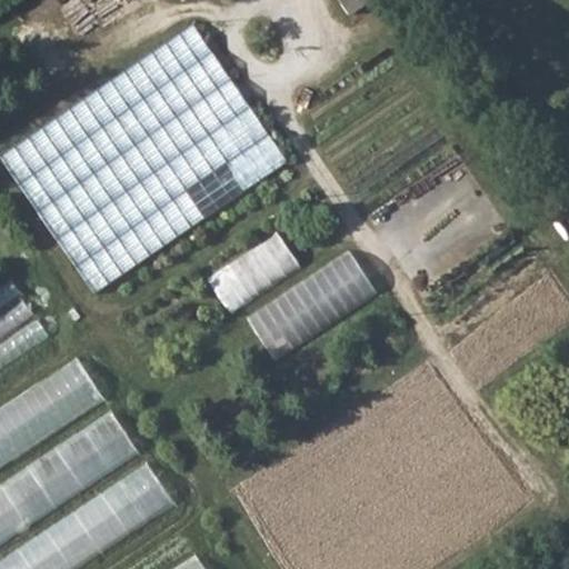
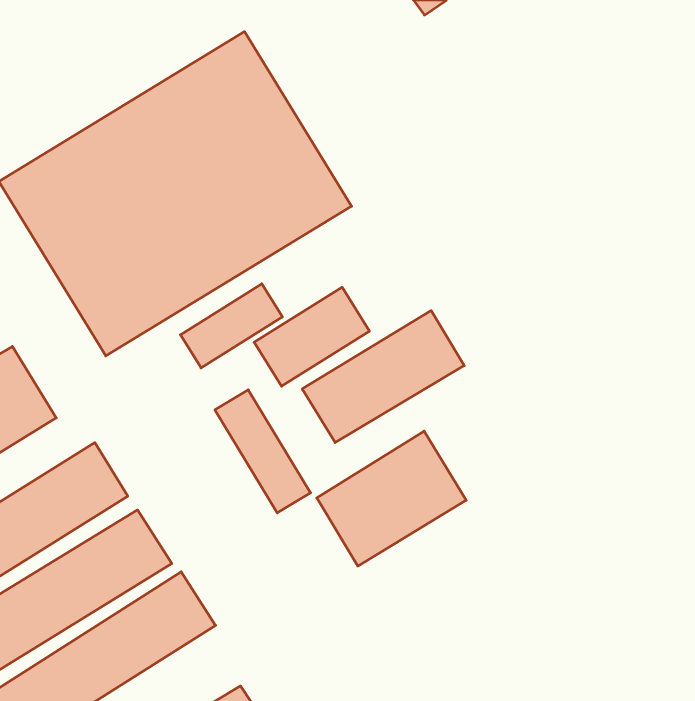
building: none -> [180,284,282,368]
building: none -> [215,390,311,513]
building: none -> [317,431,466,566]

